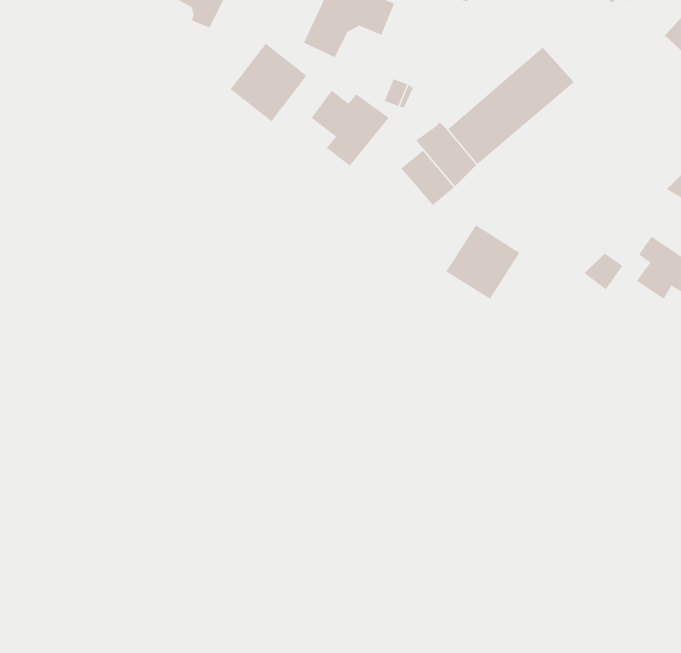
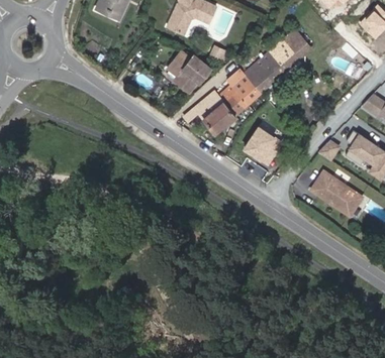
building: [230,43,307,122] -> none
building: none -> [183,91,235,133]
building: none -> [311,170,362,216]

